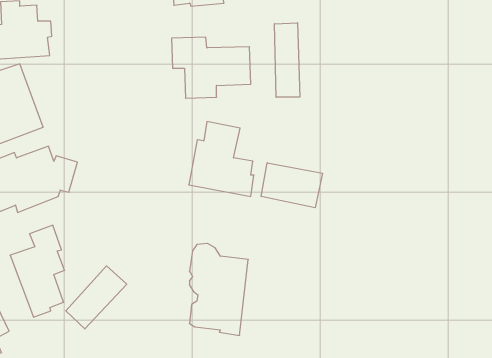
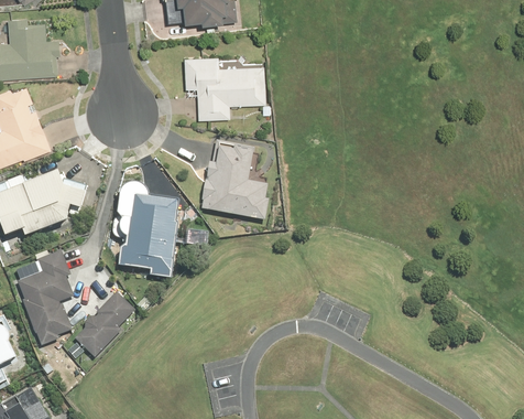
building: [274,23,300,97] -> none
building: [261,163,322,208] -> none
building: [189,243,248,335] -> [118,181,178,276]

